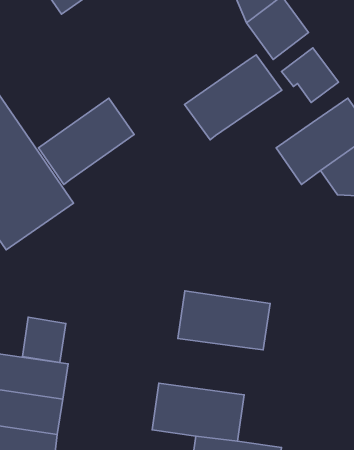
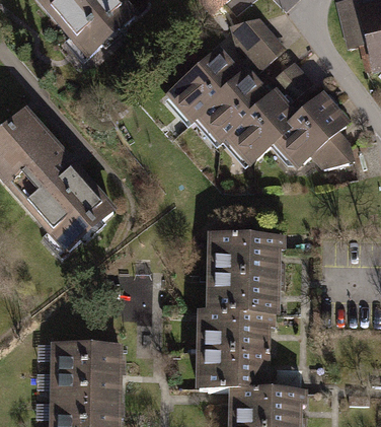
building: none -> [222,92,300,166]
building: [38,98,134,185] -> [164,47,241,122]
building: none -> [212,230,283,271]
building: [22,317,66,363] -> none
building: none -> [200,308,271,348]

